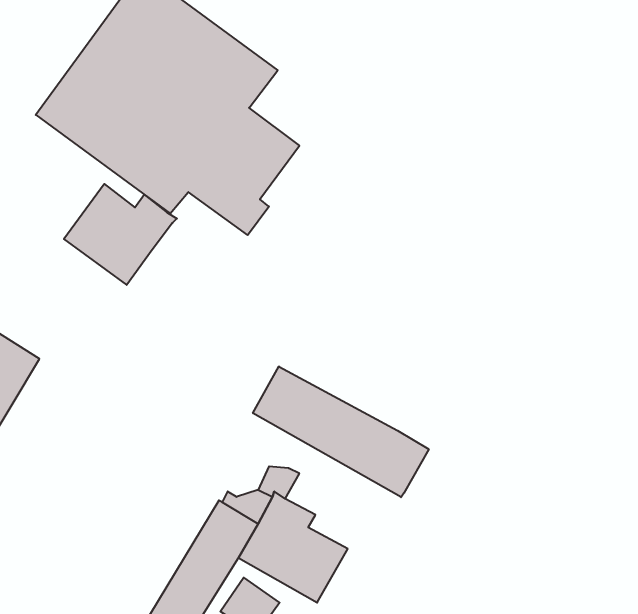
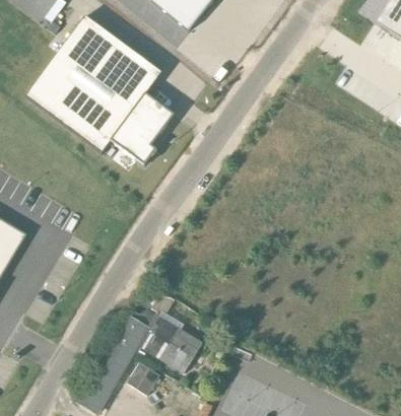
building: [64,184,177,285] -> none
building: [253,366,429,497] -> none

